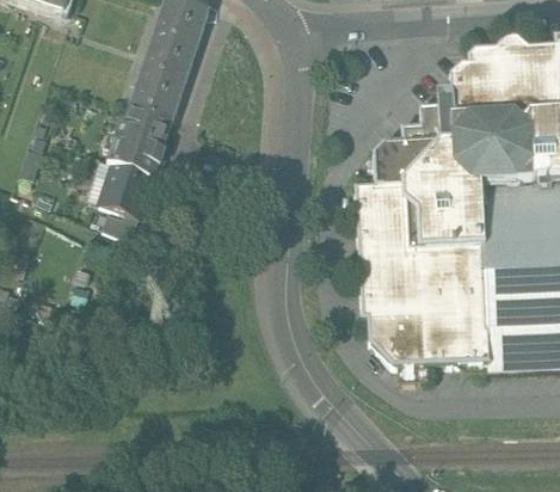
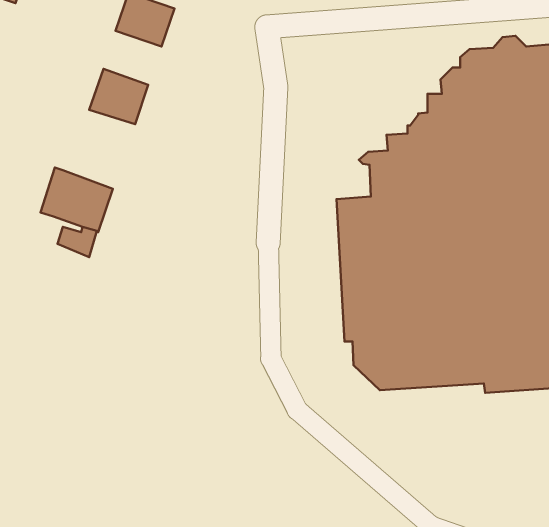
building: [146,33,198,82] -> none
building: [109,105,174,177] -> none

